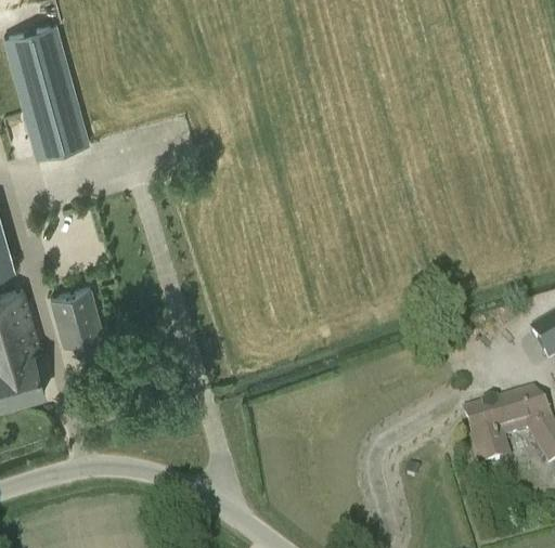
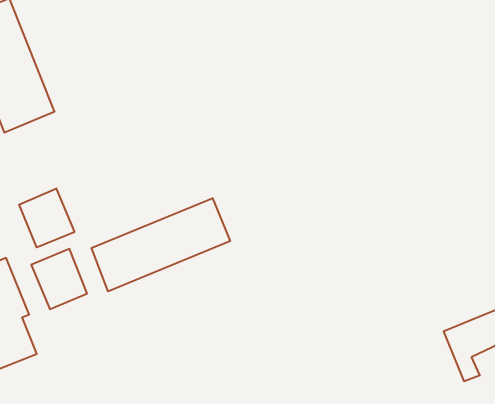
building: none -> [19,188,74,247]
building: none -> [92,198,230,291]

